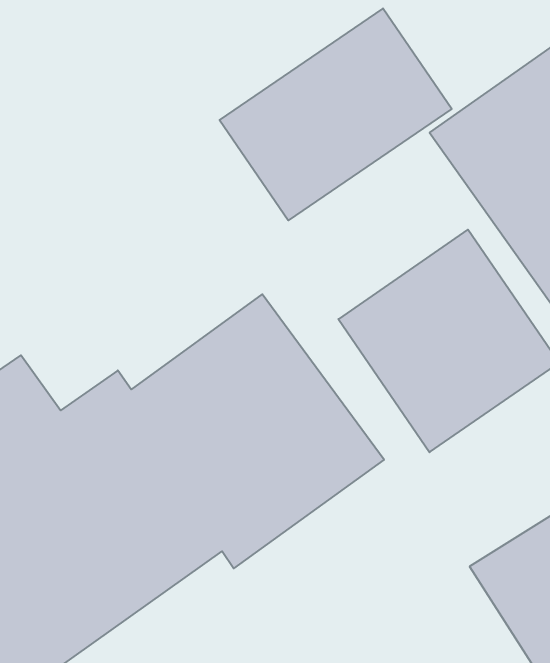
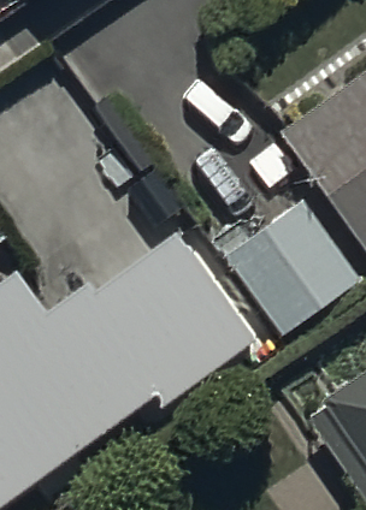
building: [220,8,452,220] -> none

